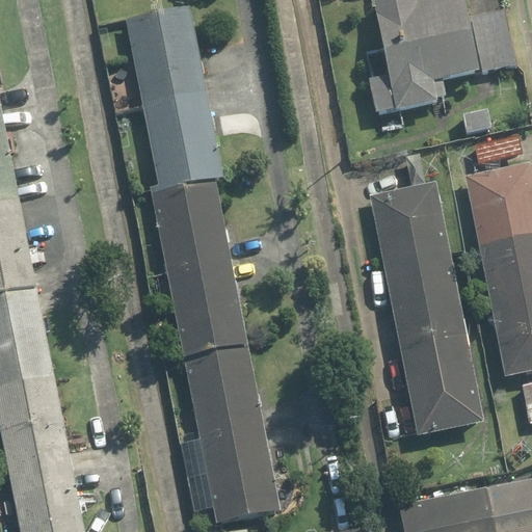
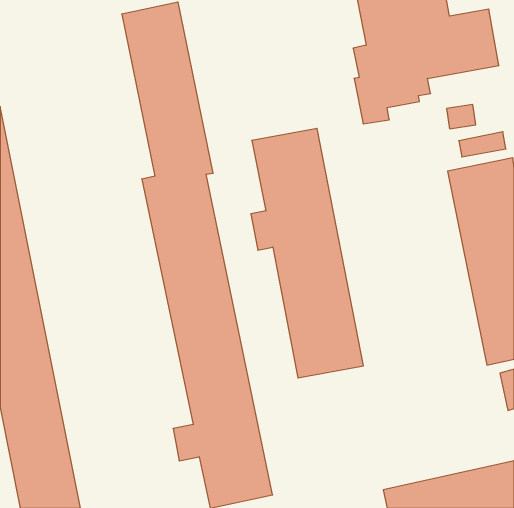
building: [367,181,483,438] -> [251,128,363,378]

